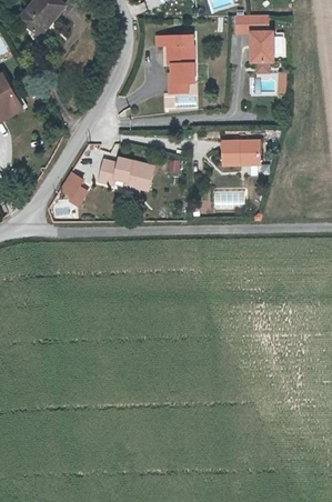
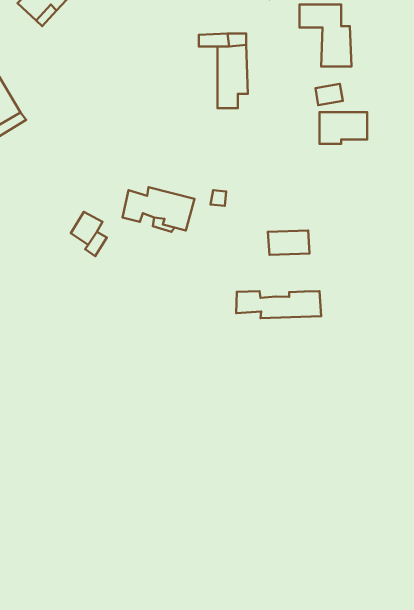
building: [222,141,259,165] -> [320,112,367,144]
building: none -> [236,291,321,318]

